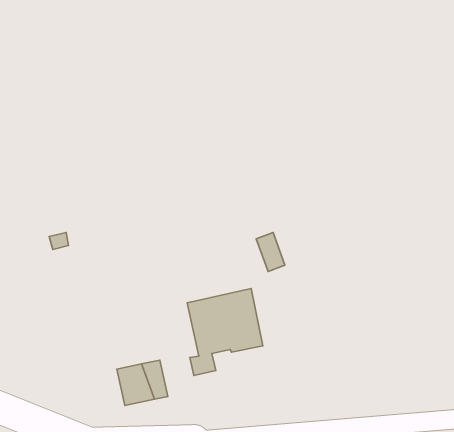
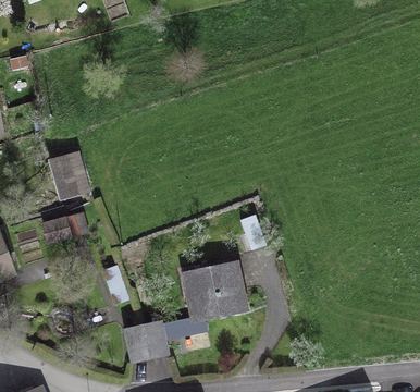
building: none -> [50,151,87,197]

